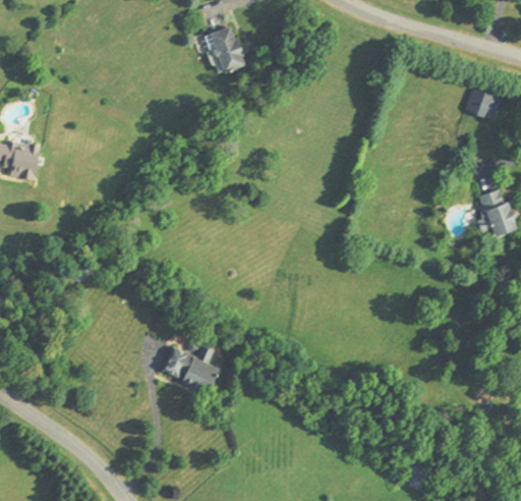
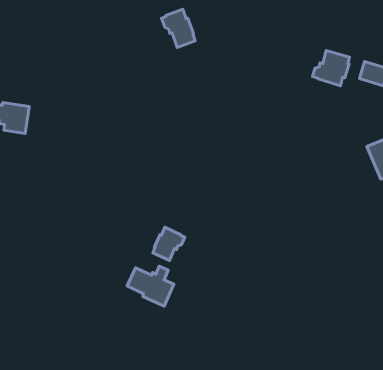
building: none -> [312,50,350,86]
building: none -> [153,227,185,260]

